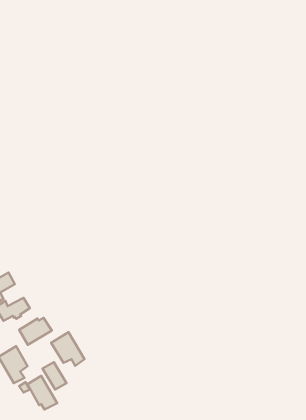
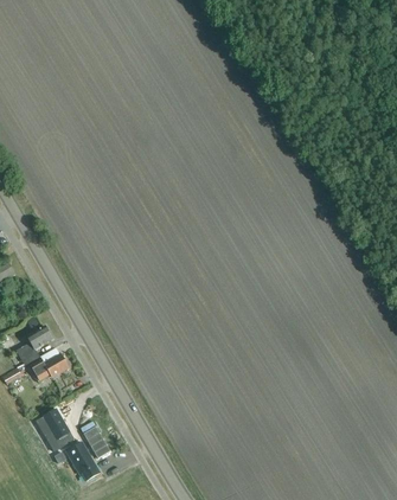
building: [19,318,52,345] -> none
building: [51,332,85,366] -> none

